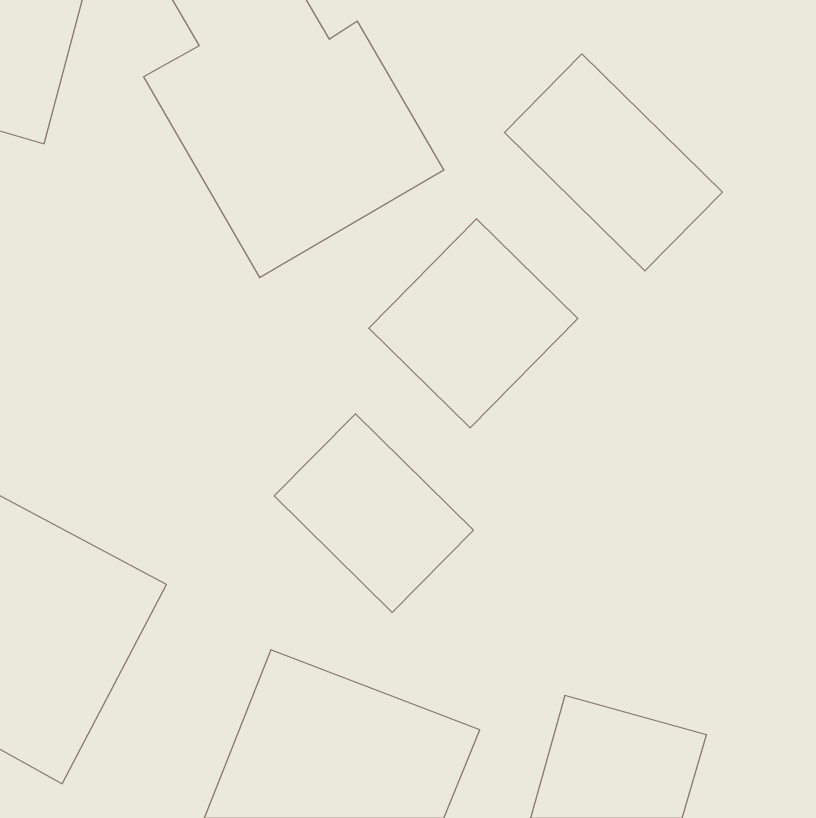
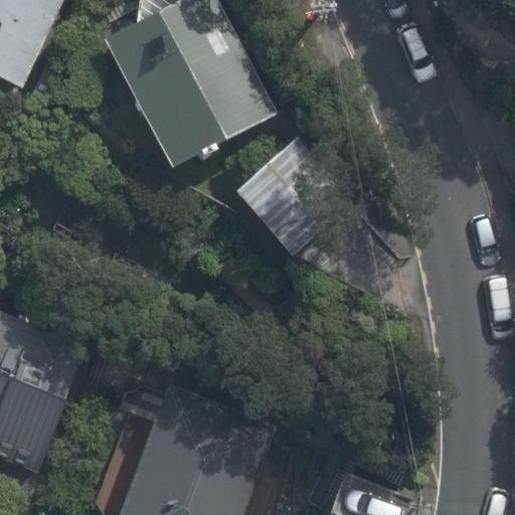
building: [504,54,722,271] -> none
building: [274,414,473,612] -> none

